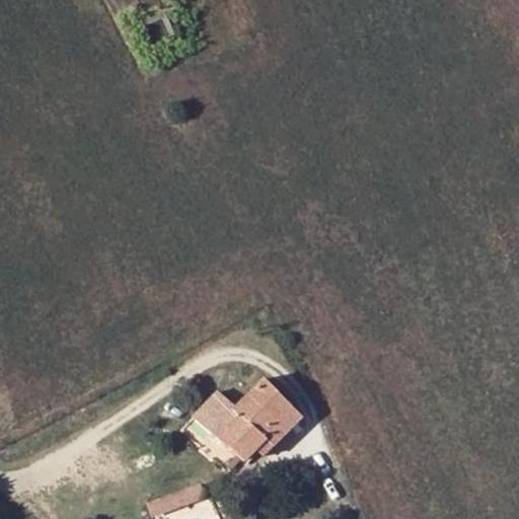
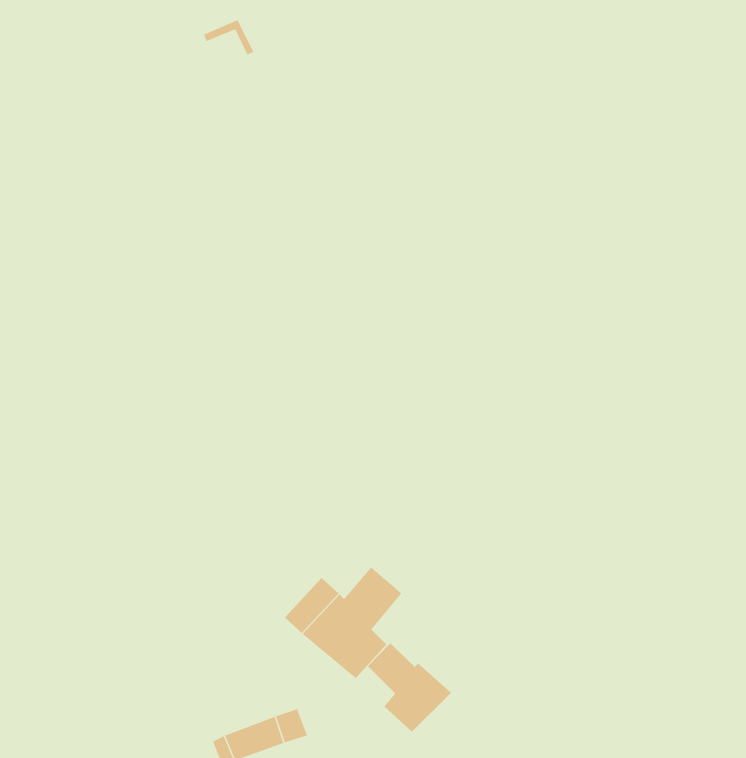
building: none -> [367,643,452,732]

